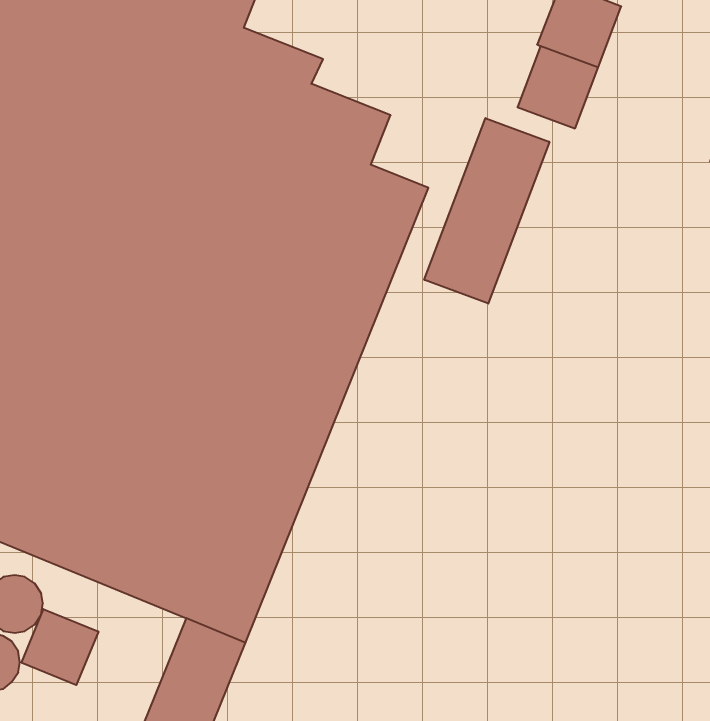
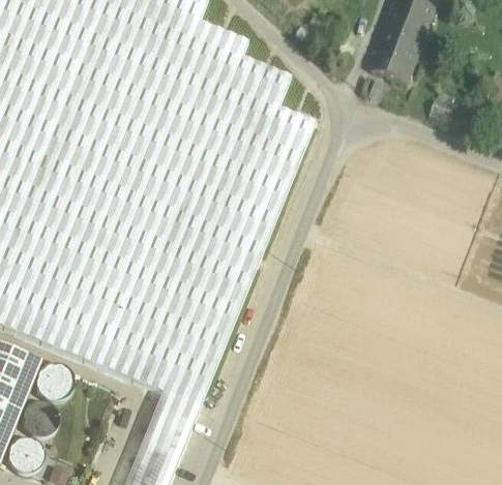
building: [424,118,549,304] -> none
building: [22,609,98,685] -> none

